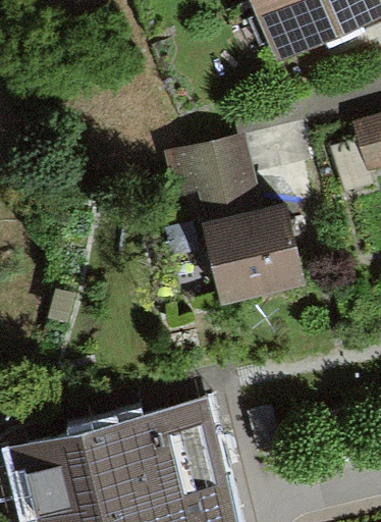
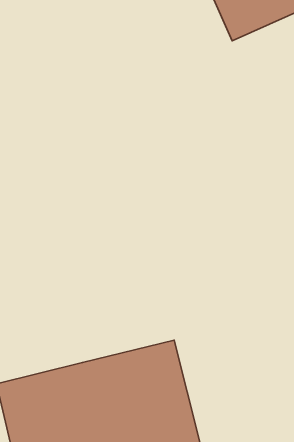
building: [164,132,302,302] -> none

